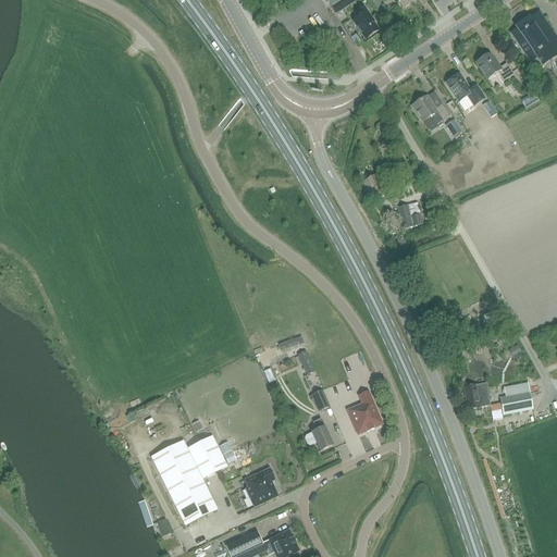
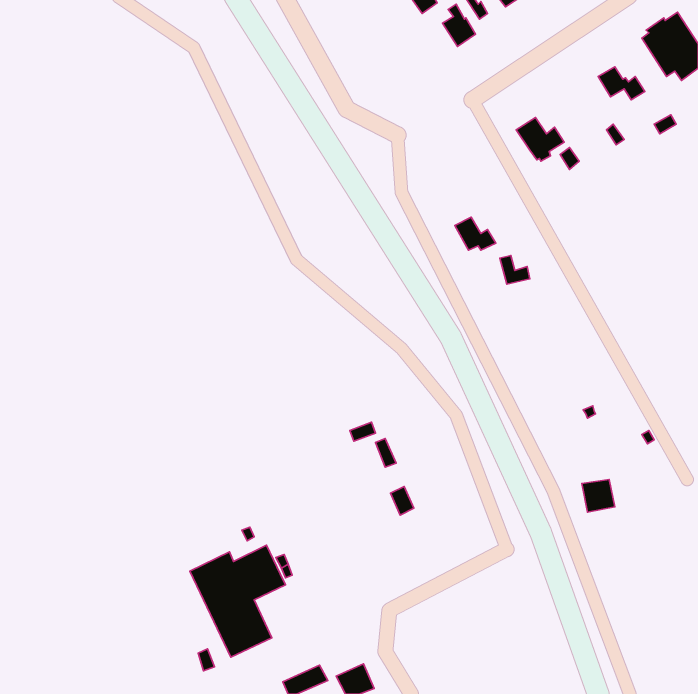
building: [446,72,485,109] -> none
building: [498,381,532,413] -> none
building: [347,391,382,433] -> none
building: [305,417,332,449] -> none
building: [244,467,278,505] -> none

